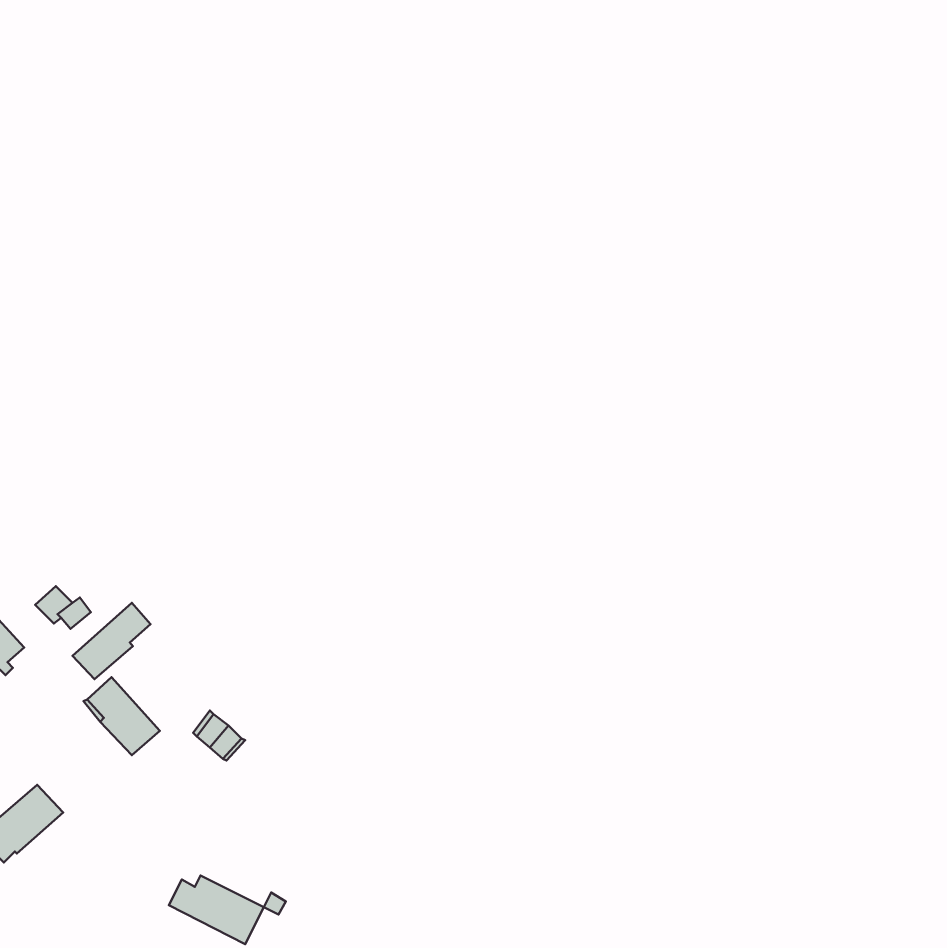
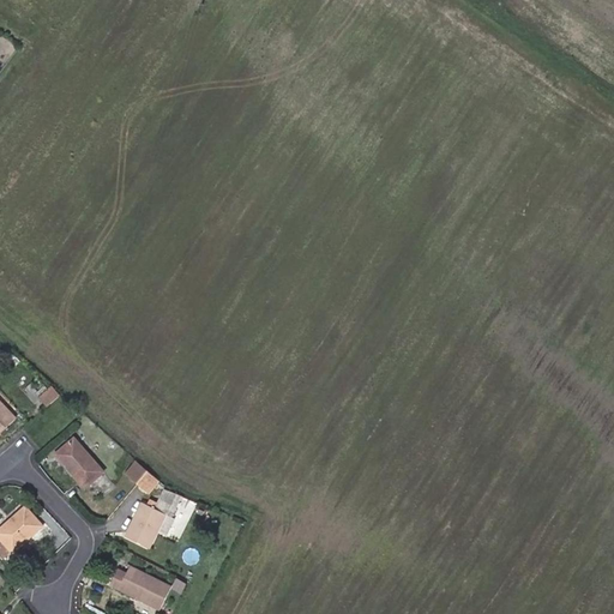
building: [73,603,150,679] -> none
building: none -> [125,488,182,548]

